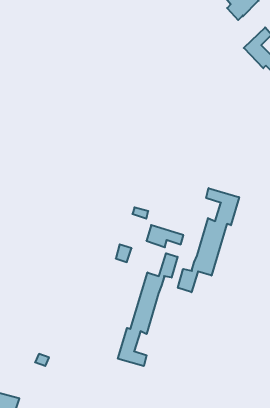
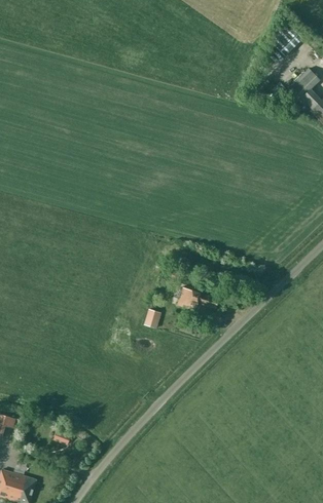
building: [178,188,239,292] -> none
building: [118,253,178,366] -> none

